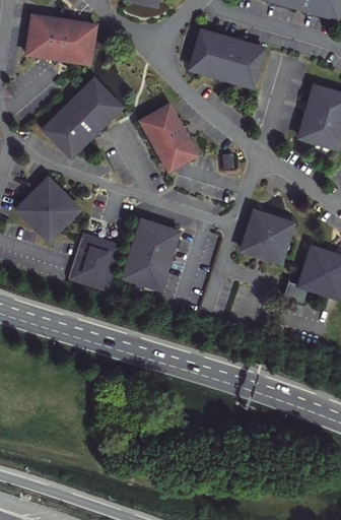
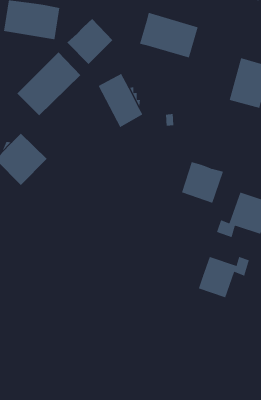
building: none -> [66,18,113,65]
building: [122,219,179,289] -> none
building: [69,237,121,288] -> none
building: none -> [198,256,250,298]

